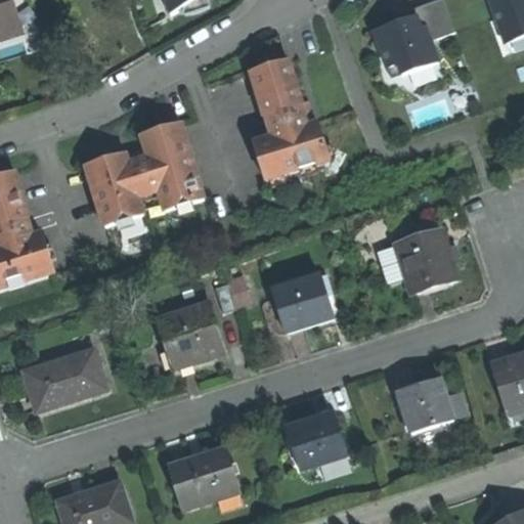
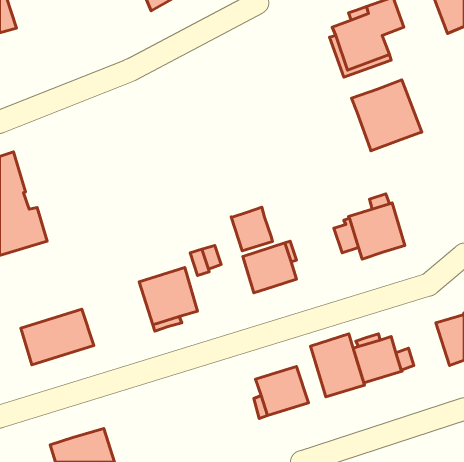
building: [249,59,328,180] -> none
building: none -> [352,80,422,151]
building: [87,123,206,225] -> none
building: none -> [231,207,273,251]
building: none -> [310,334,365,397]
building: [168,447,238,508] -> none

